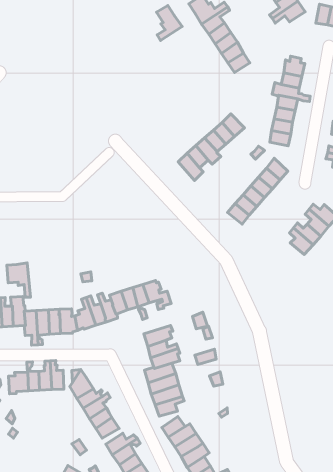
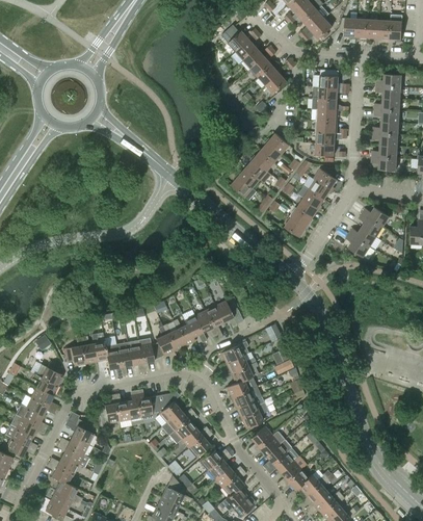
building: [156,5,182,41] -> none
building: [7,263,30,297] -> none

